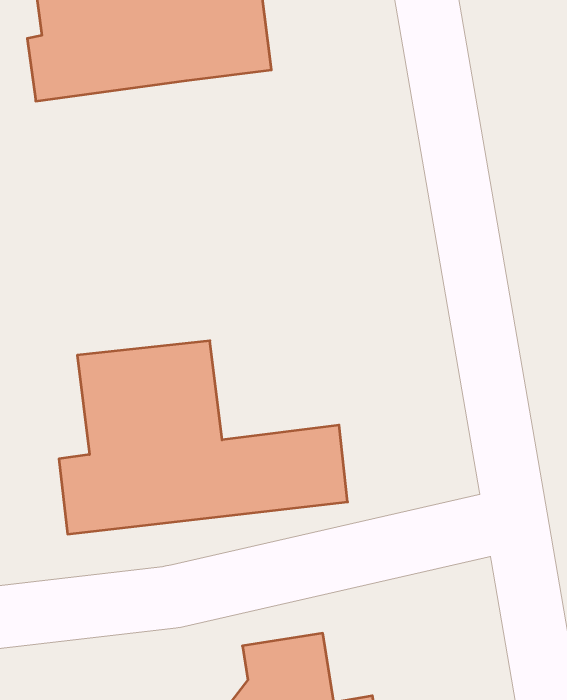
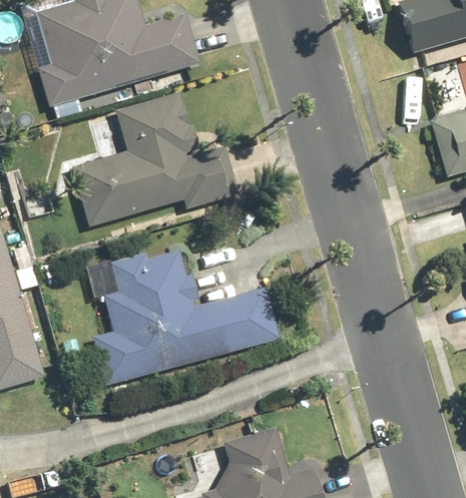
building: none -> [69,91,237,223]

